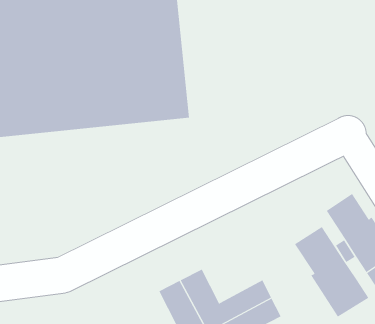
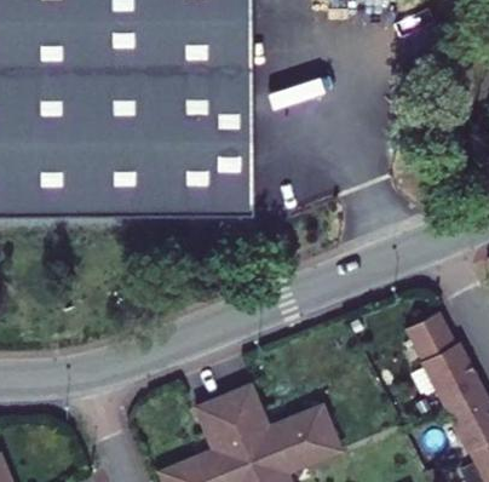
building: [294,226,369,317] -> none

